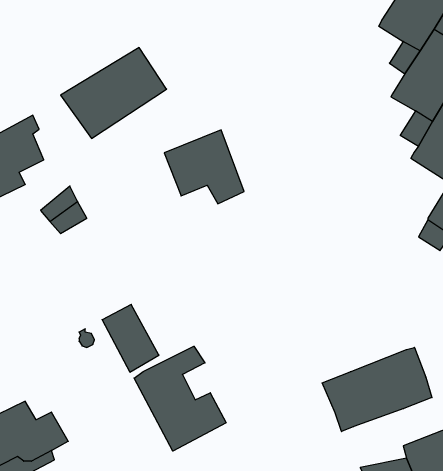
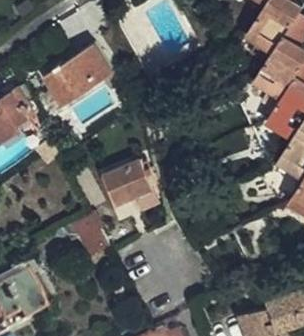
building: [164,130,244,204] -> [100,164,152,212]
building: [134,346,226,451] -> none
building: [322,347,432,432] -> none

